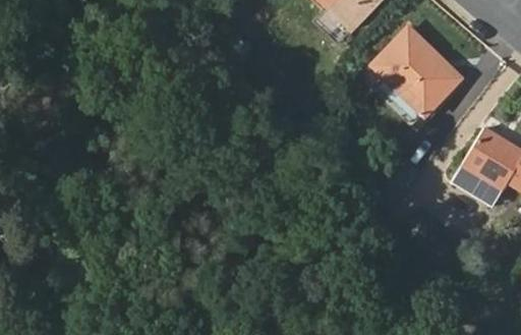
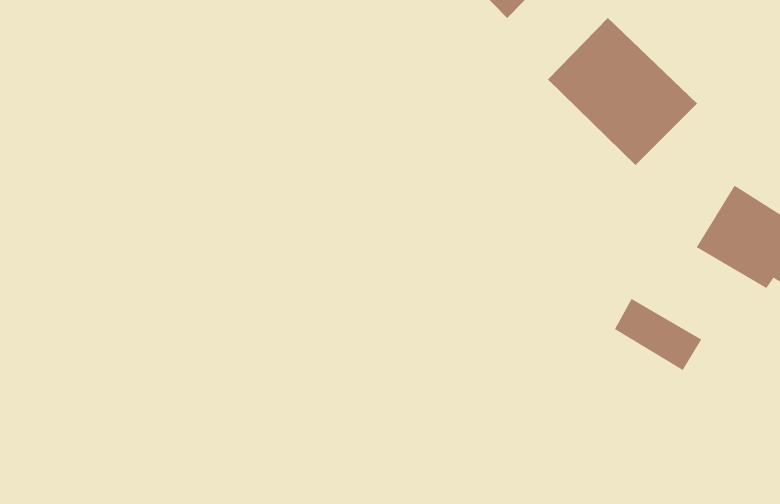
building: [451,163,503,206] -> [614,298,702,371]

